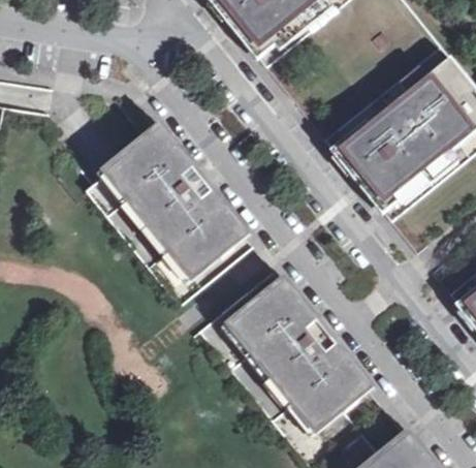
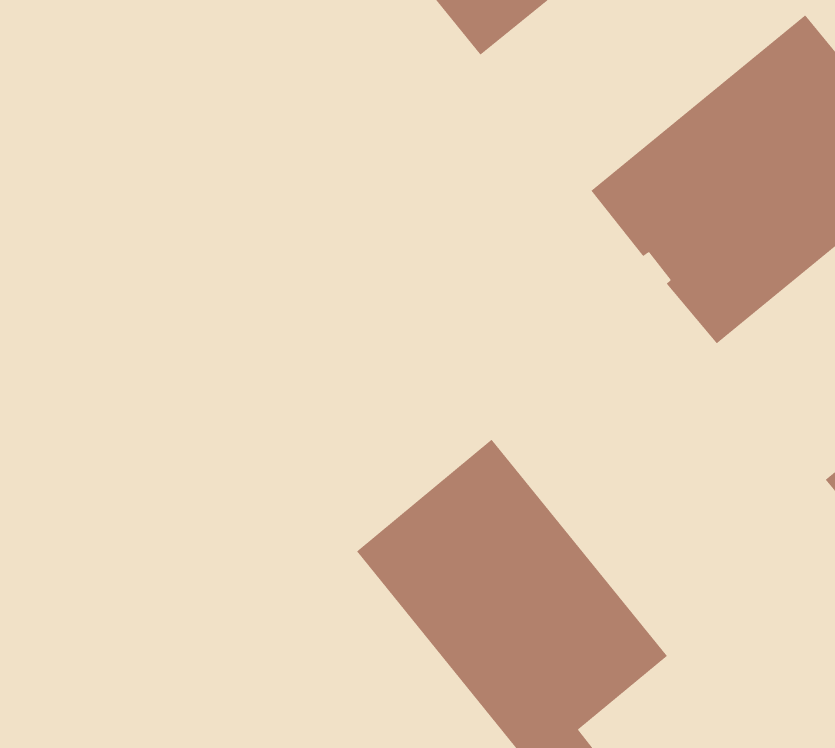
building: [91,128,258,304] -> none

